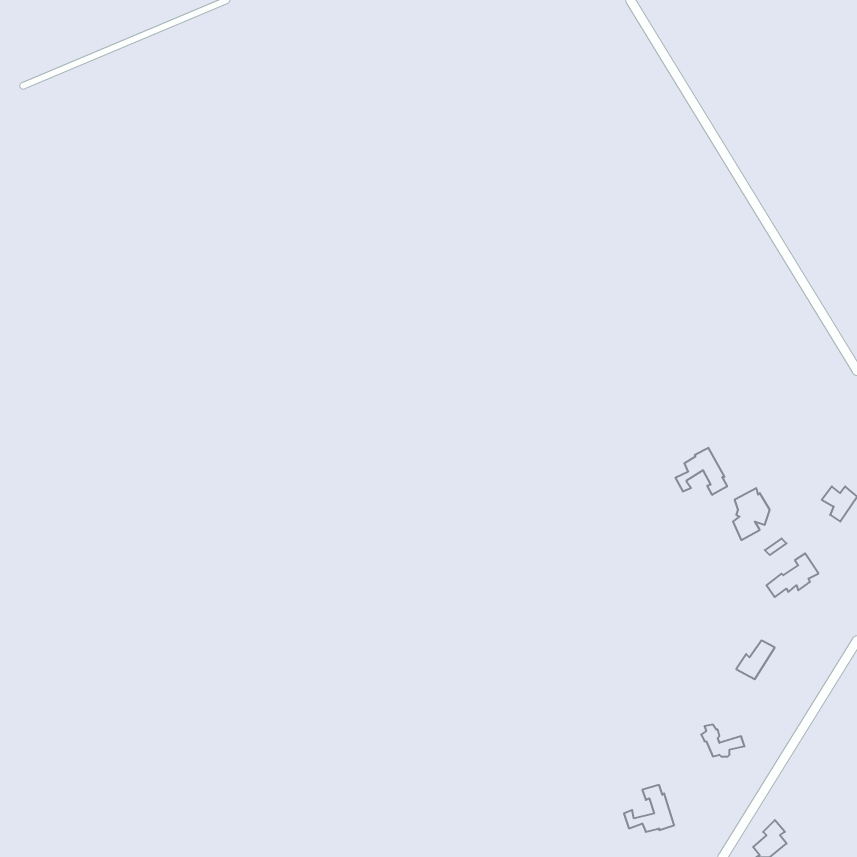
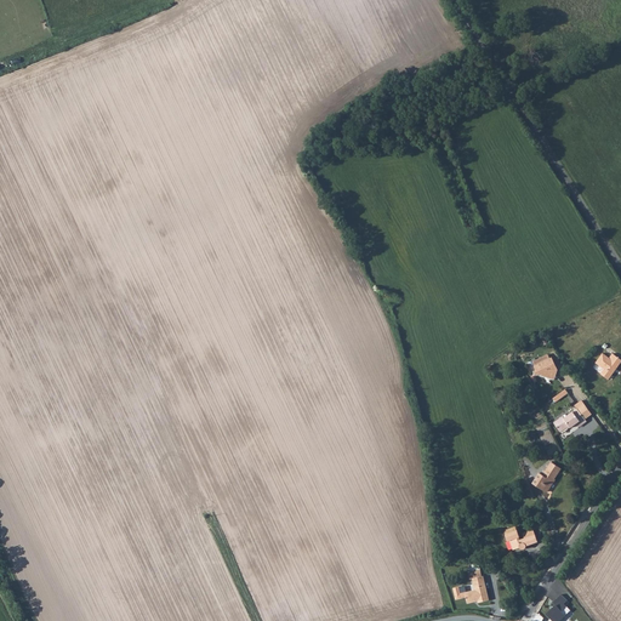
building: [676,448,727,495] -> none

